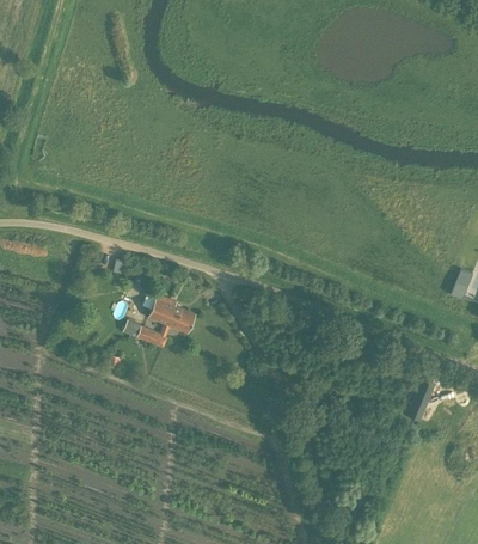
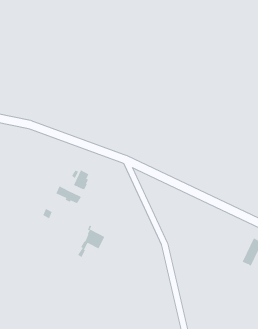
building: [154,299,194,348] -> [77,225,105,258]

